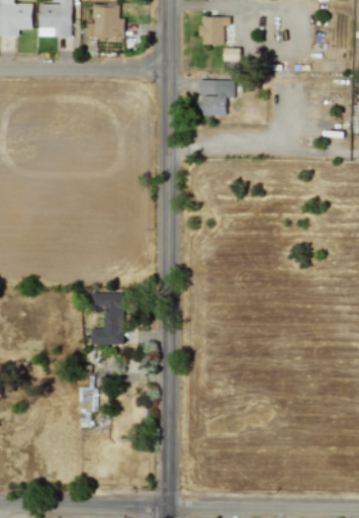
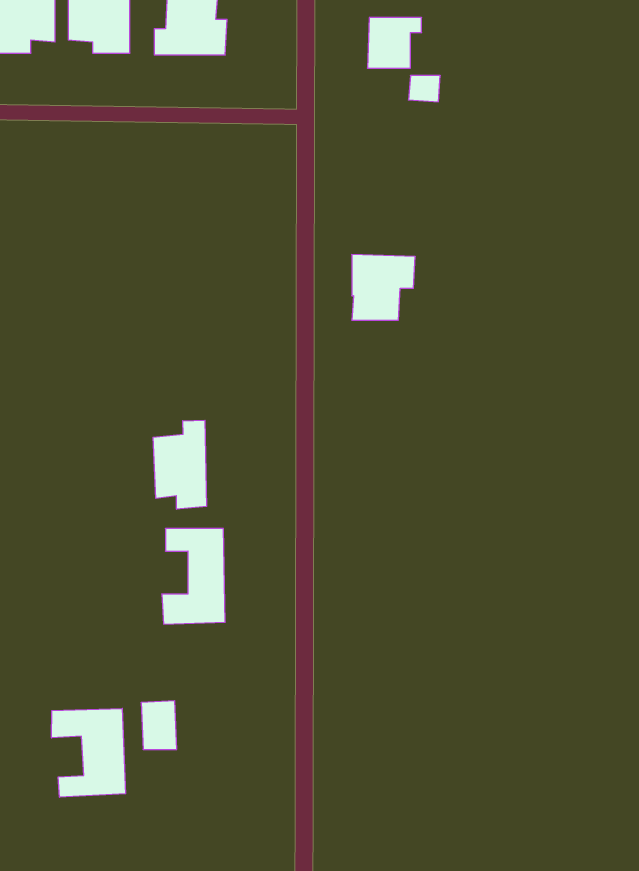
building: [200,80,235,115] -> [352,255,415,320]
building: none -> [153,420,207,509]
building: none -> [52,708,126,797]

